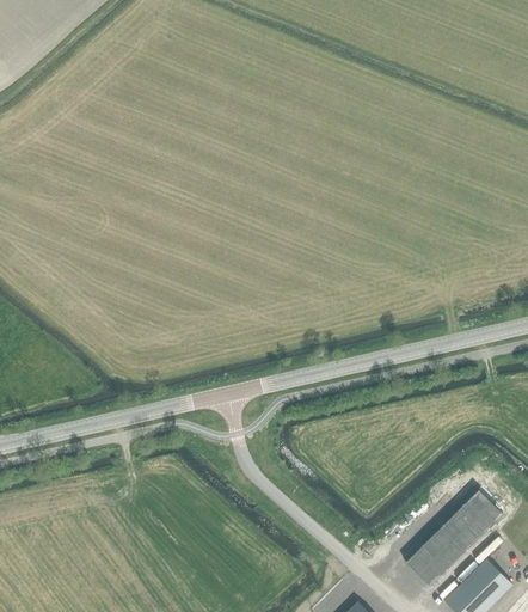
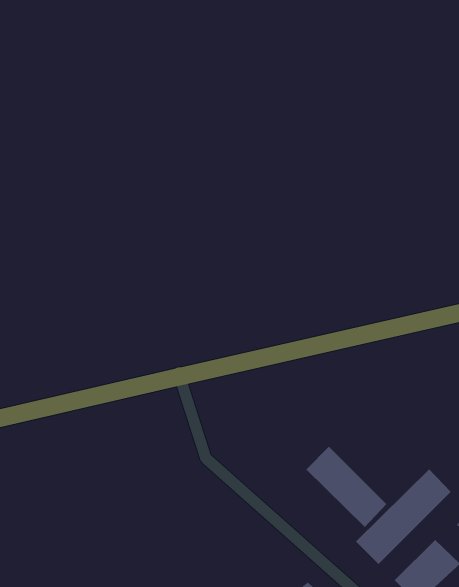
building: none -> [305,446,387,528]

